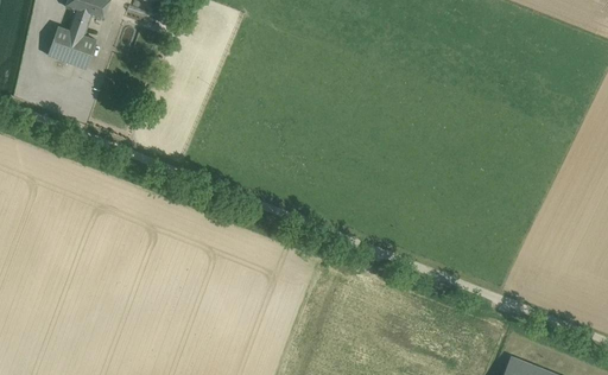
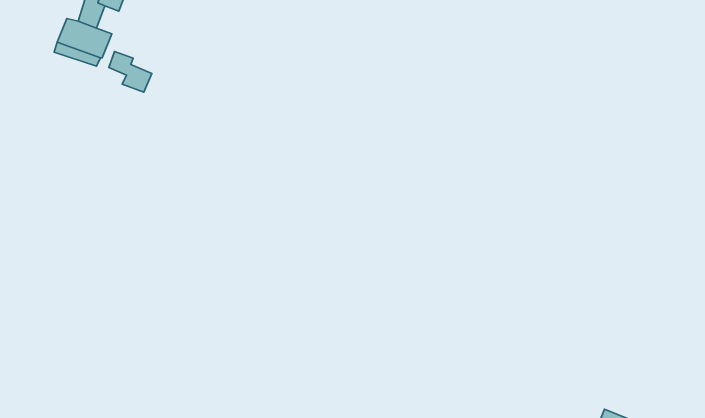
building: none -> [109,51,152,92]

